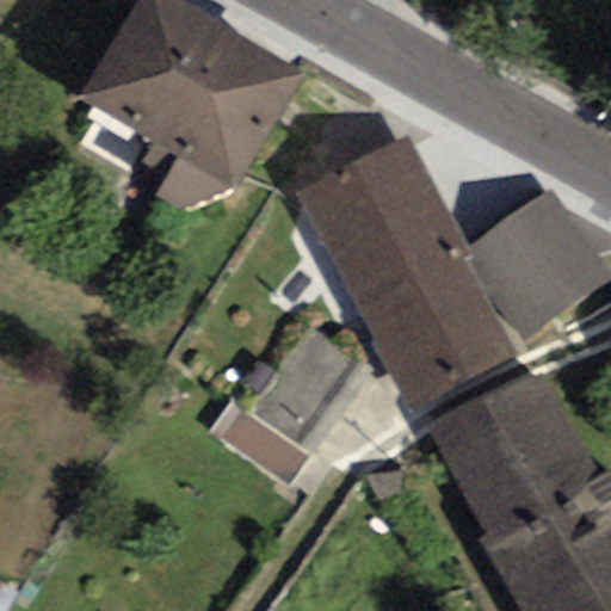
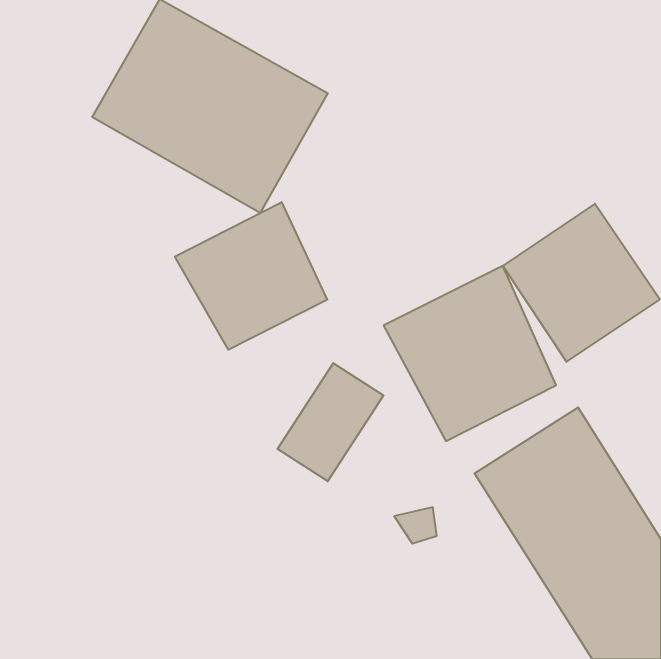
building: [296,132,463,300] -> none
building: none -> [175,202,327,350]

